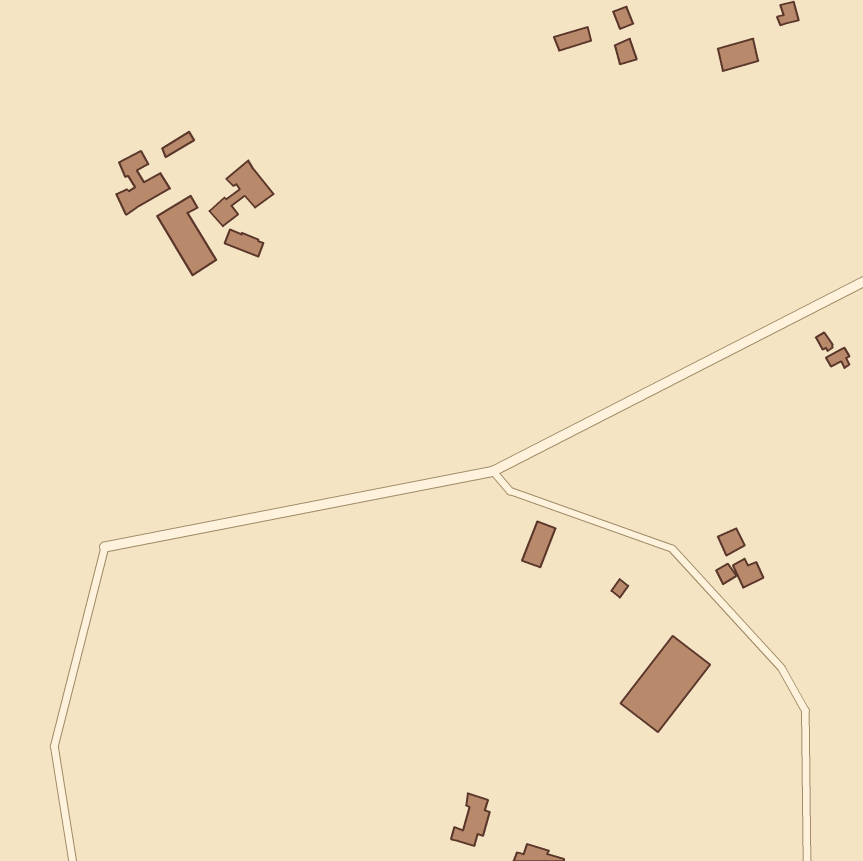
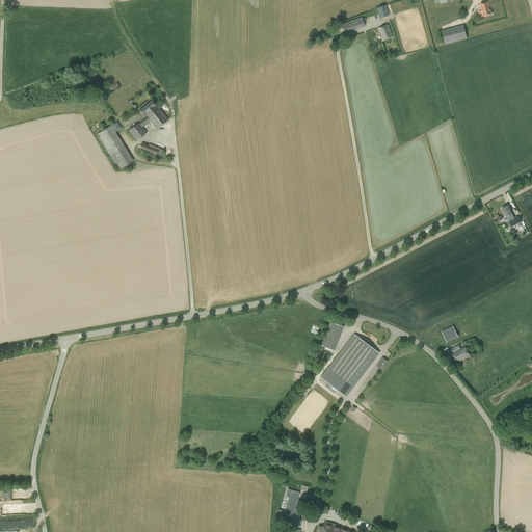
building: [116,151,170,215] -> none
building: [621,636,710,732] -> [322,335,377,394]

